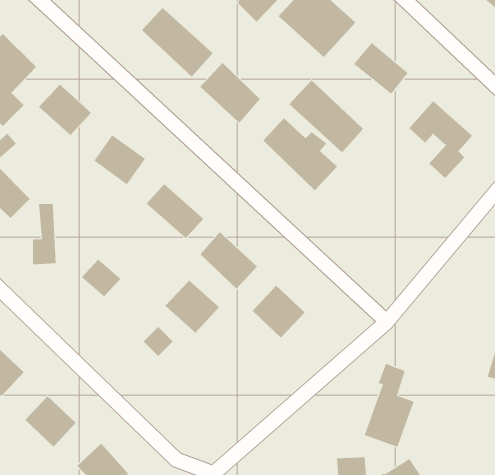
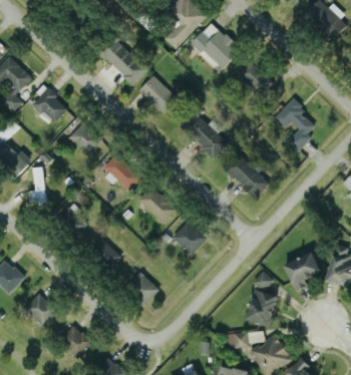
building: [288,80,364,153] -> [221,150,270,199]
building: [165,280,220,333] -> [123,272,159,307]
building: none -> [284,252,322,292]

